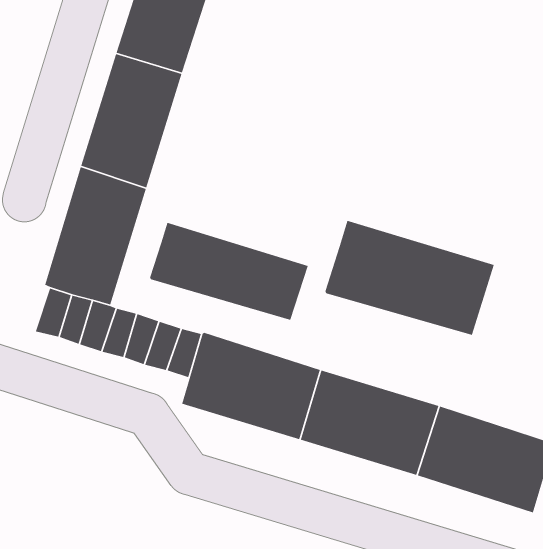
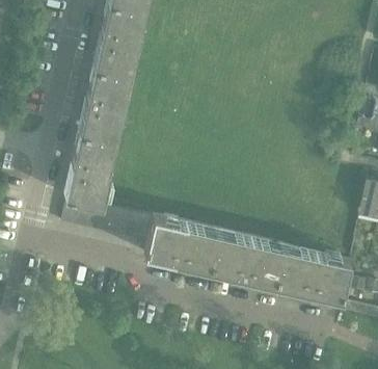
building: [325,220,495,336] -> none
building: [149,222,309,321] -> none

